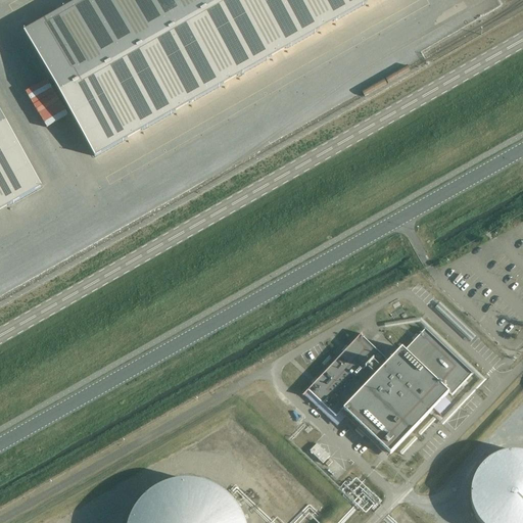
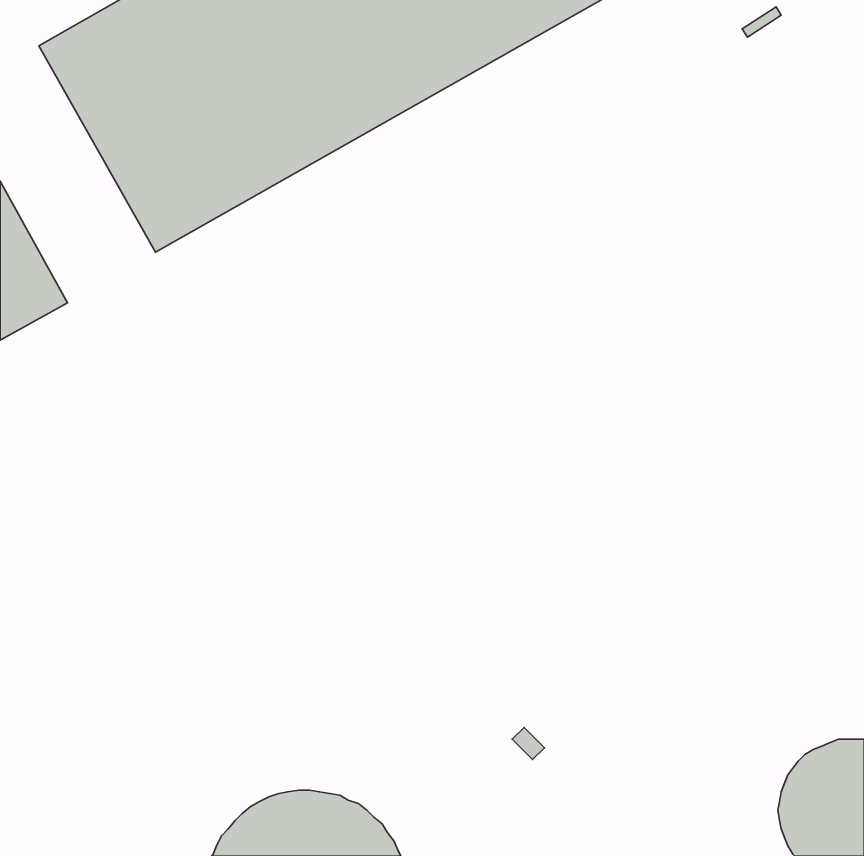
building: [303,325,472,449] -> none

